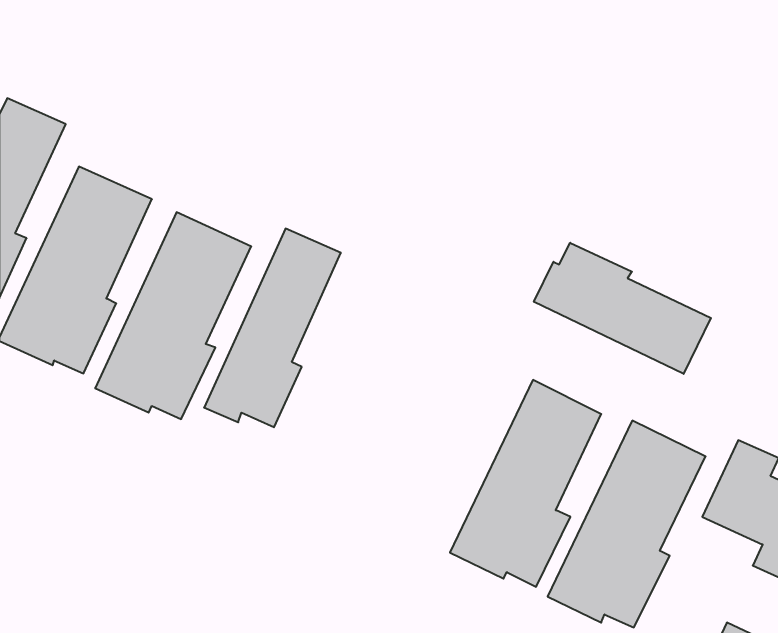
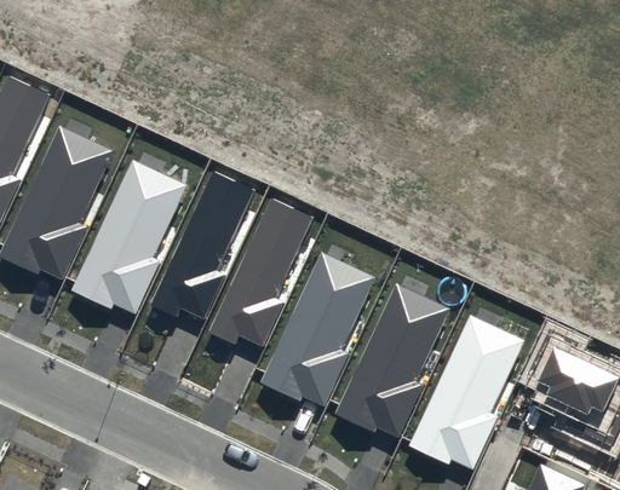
building: [534,243,711,374] -> none
building: none -> [208,198,312,347]
building: none -> [262,253,375,407]

